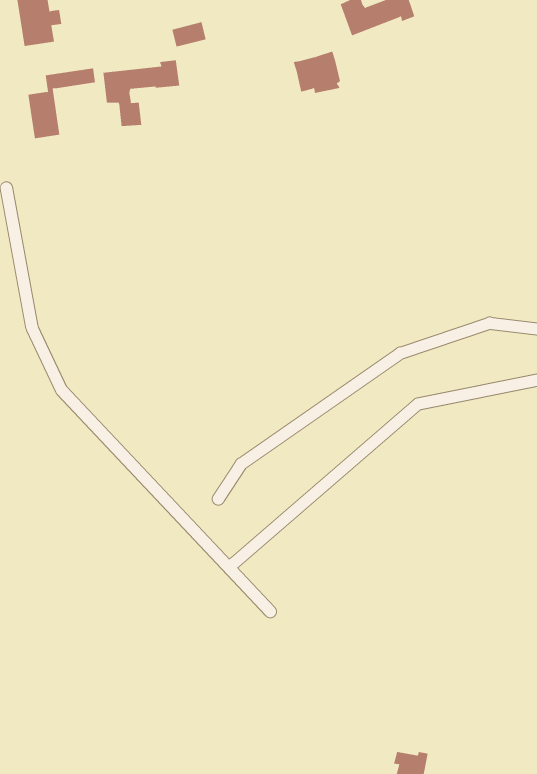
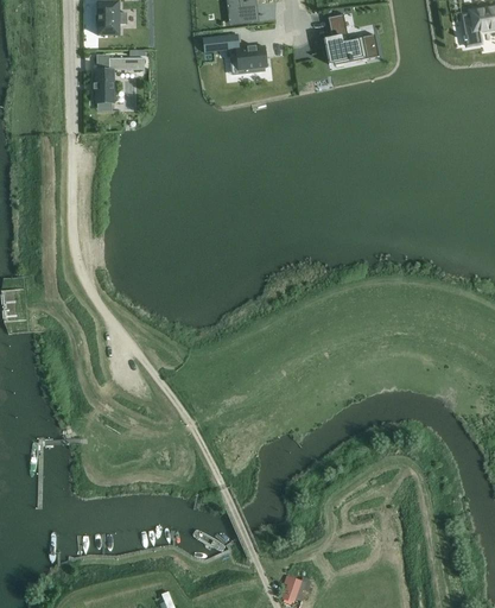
building: [293,51,341,94] -> [234,45,266,74]
building: [103,59,180,127] -> none

